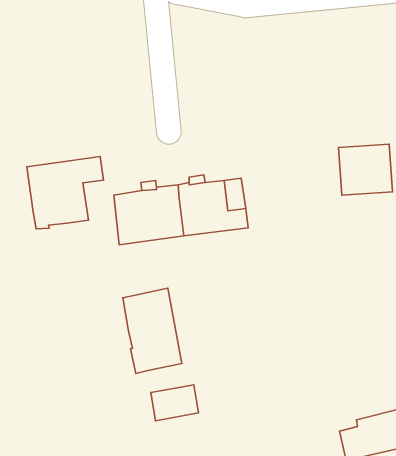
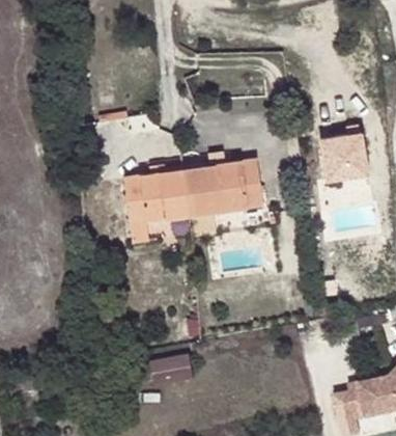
building: [27,157,104,229] -> none
building: [123,288,182,374] -> none

